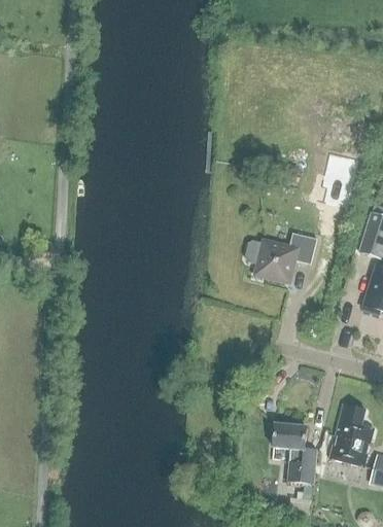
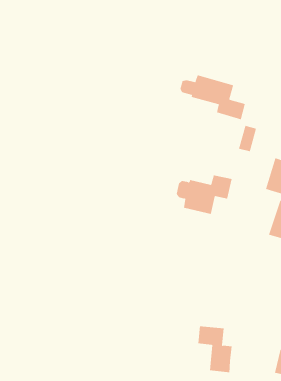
building: none -> [180,75,245,120]
building: [328,403,373,466] -> none

